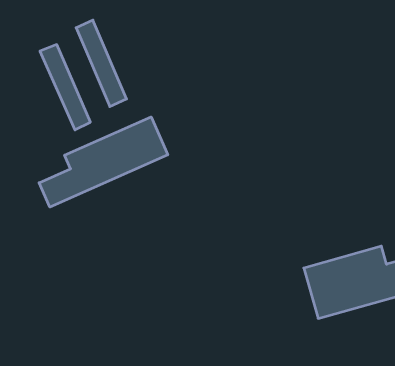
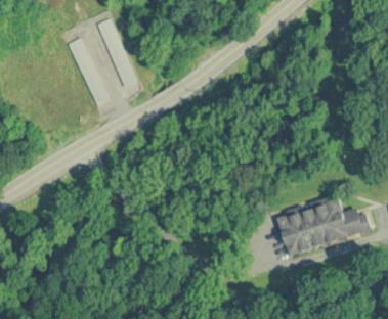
building: [39,117,168,207] -> none

